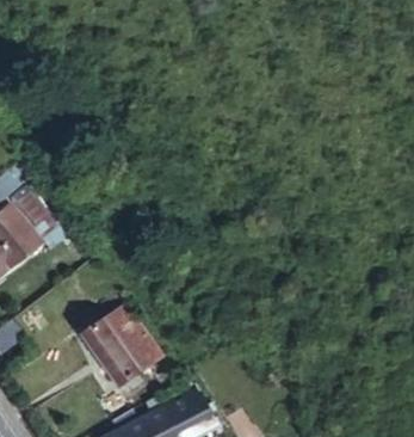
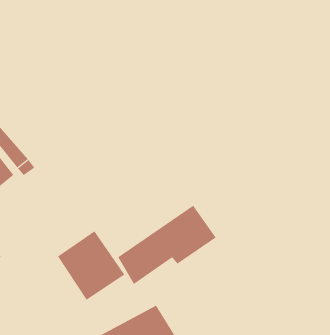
building: none -> [117,205,217,285]

